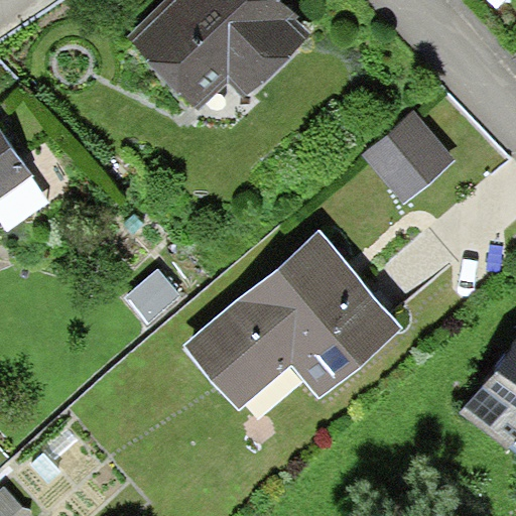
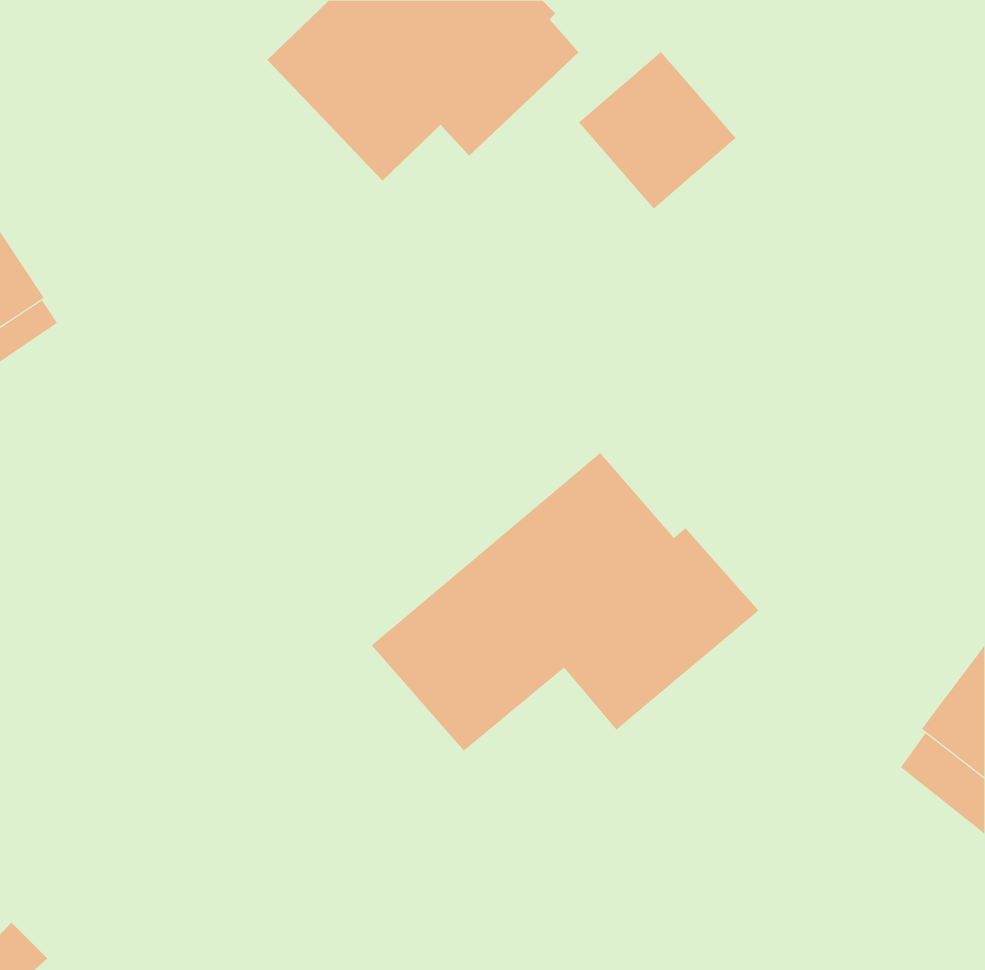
building: [368,117,450,200] -> [578,51,736,209]

